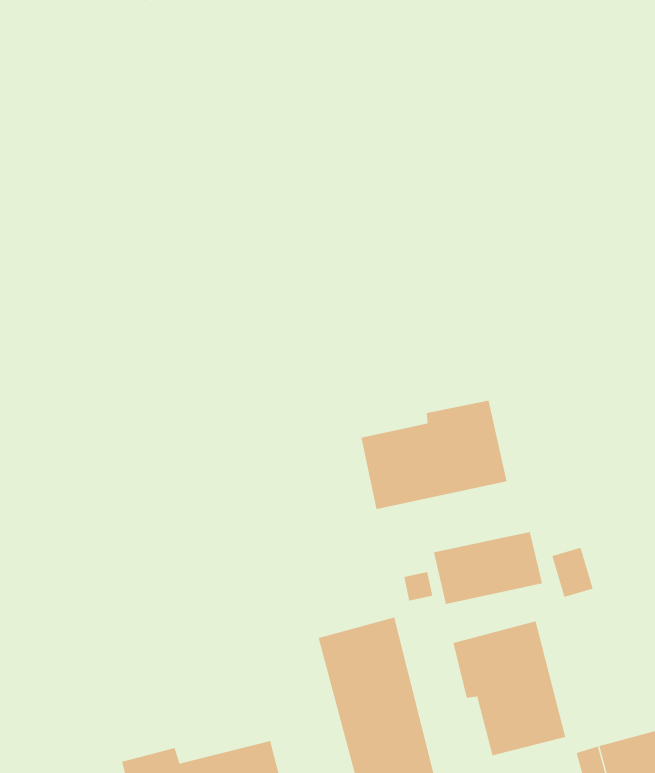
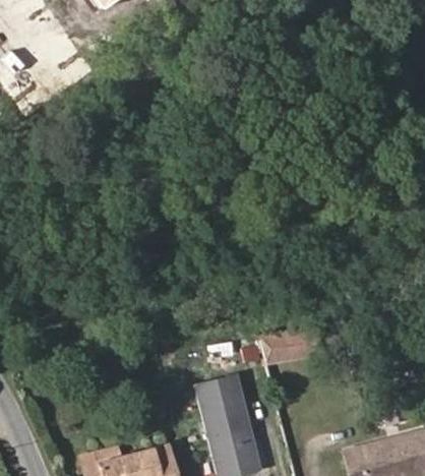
building: [361,400,507,510] -> none
building: [453,621,566,756] -> none

